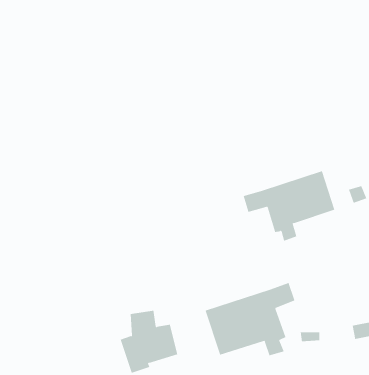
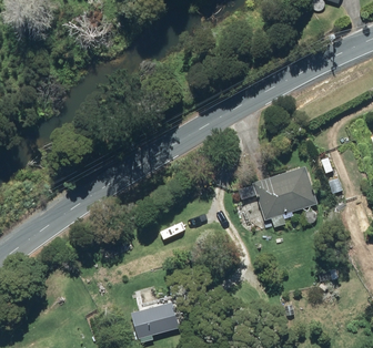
building: [205,282,295,356] -> none

